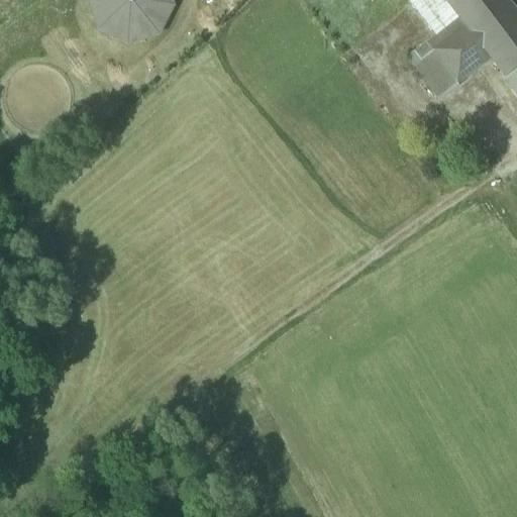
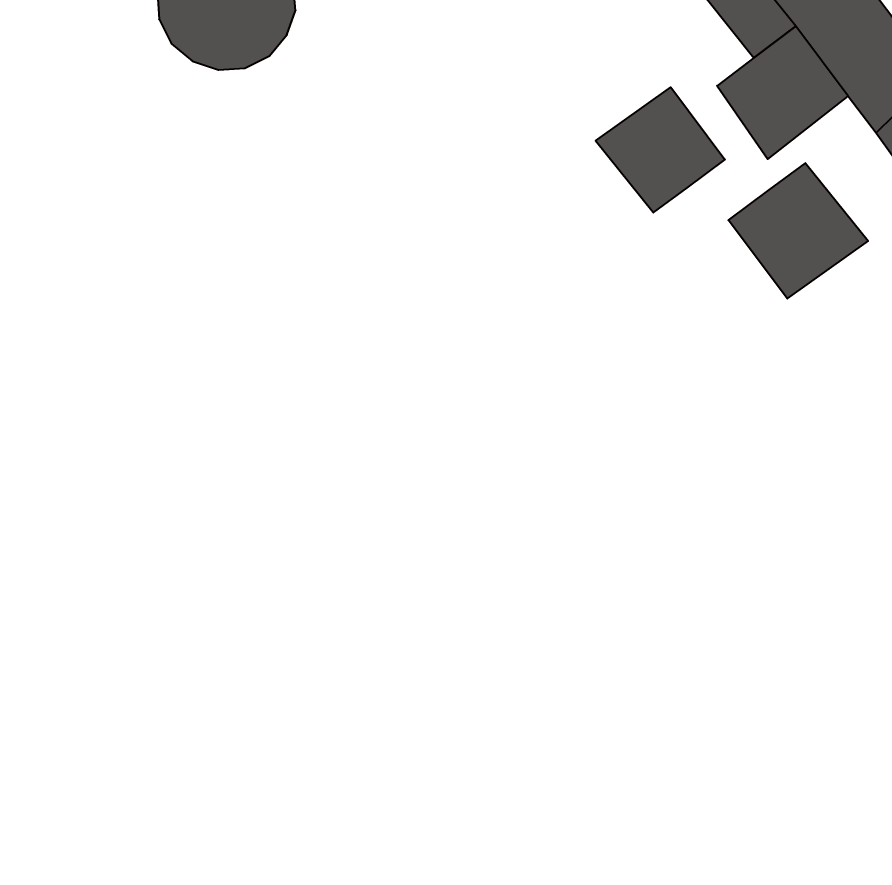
building: none -> [596,87,725,213]
building: none -> [728,163,868,299]

